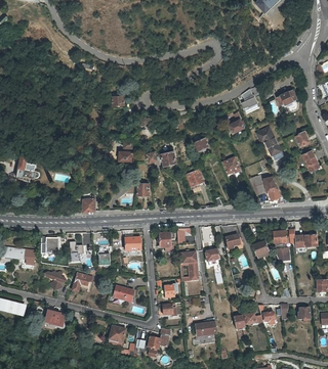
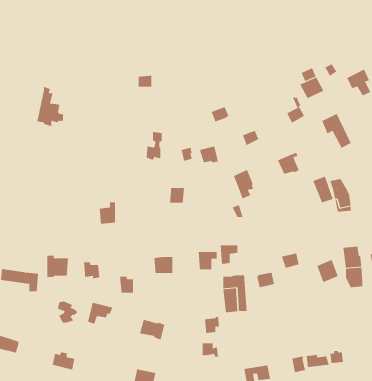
building: [17,149,39,181] -> [37,86,64,127]

